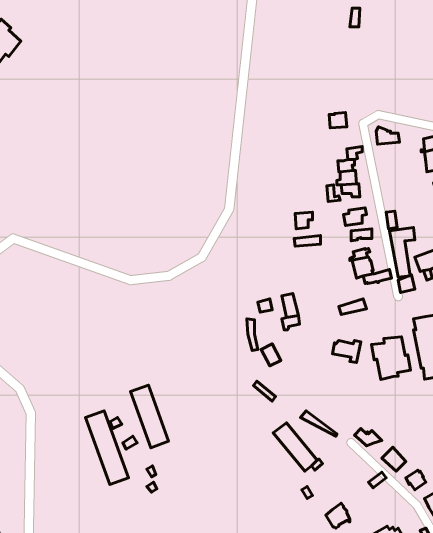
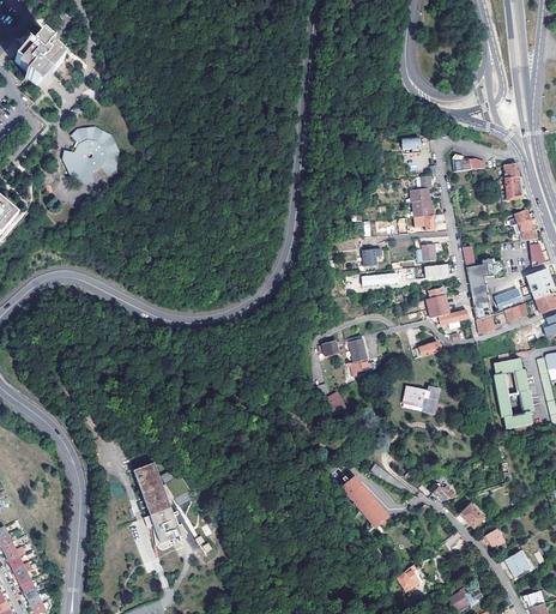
building: none -> [62,126,120,183]
building: [371,337,411,379] -> none
building: [130,385,169,448] -> none

